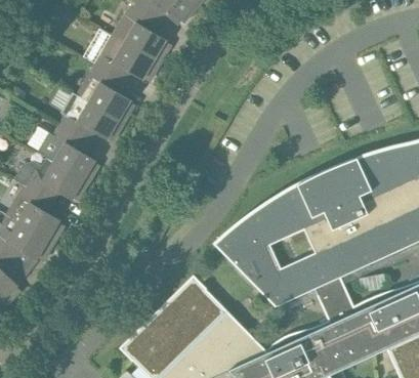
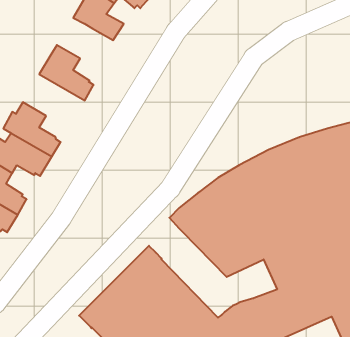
building: [96,34,161,81] -> none
building: [60,91,126,141] -> none

